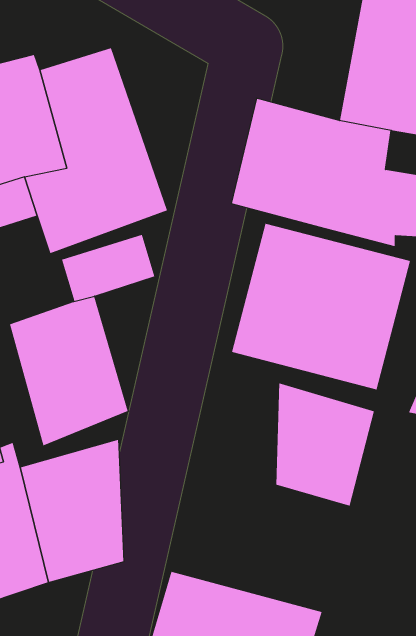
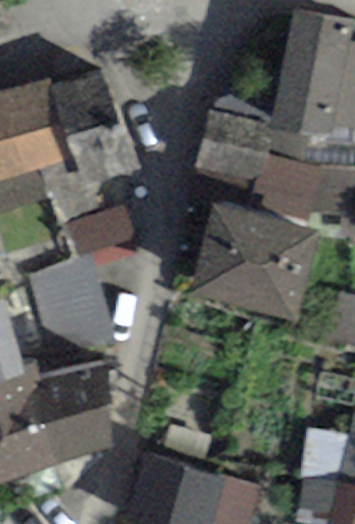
building: [276,382,375,507] -> none

